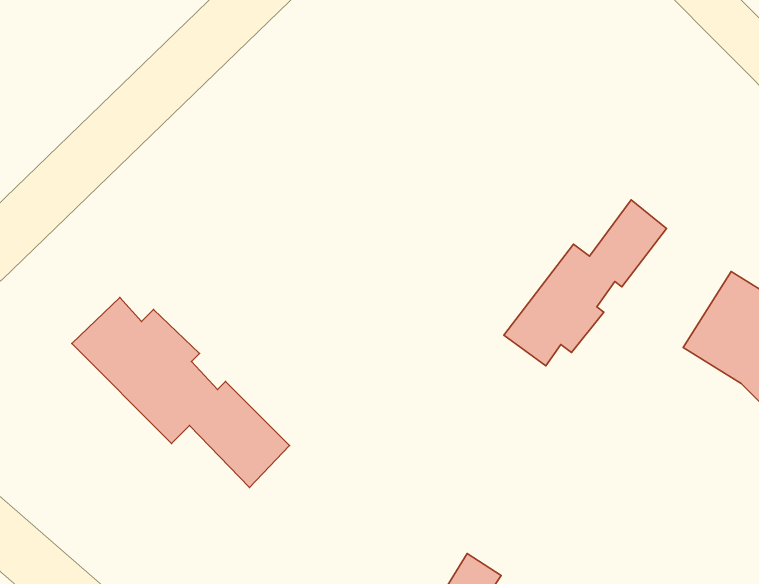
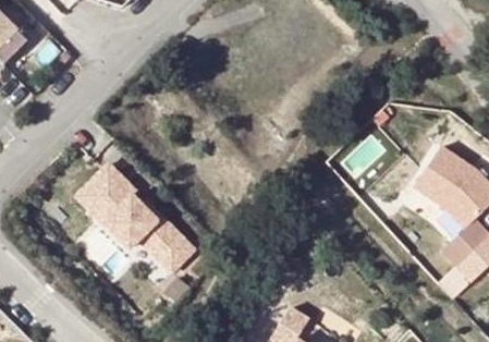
building: [504,200,666,366] -> none

